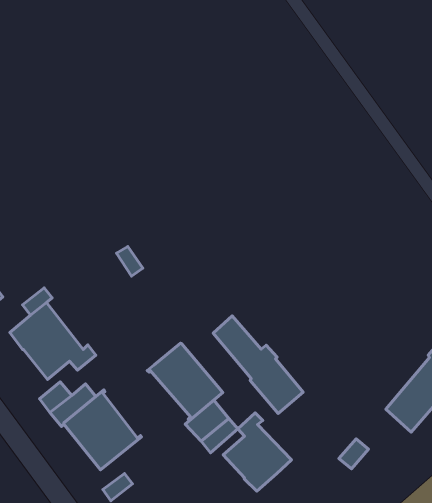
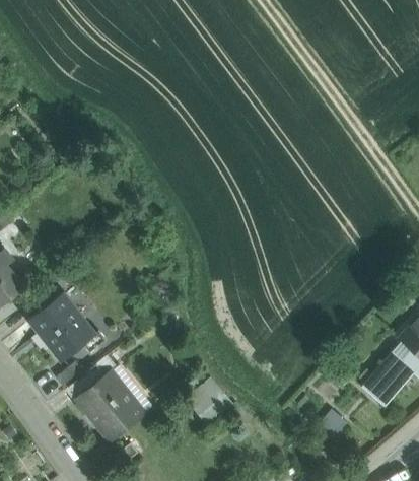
building: [213,316,303,414] -> none
building: [147,343,223,421] -> none
building: [223,413,292,491] -> none

